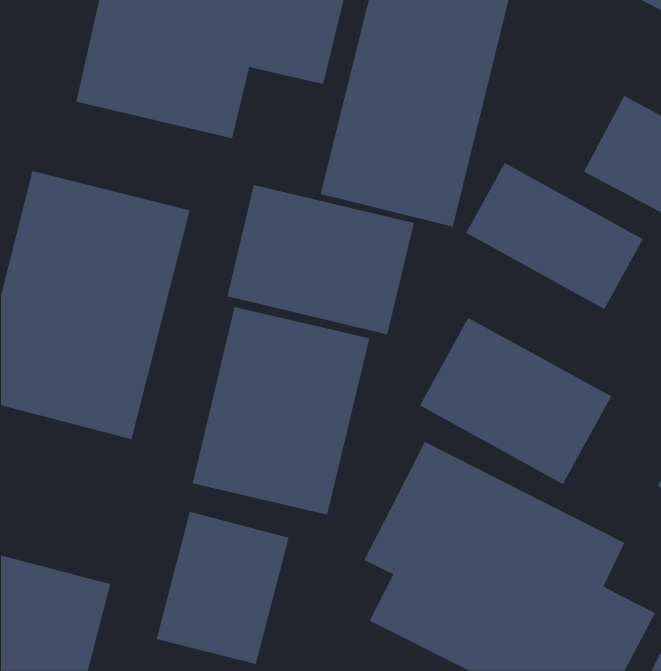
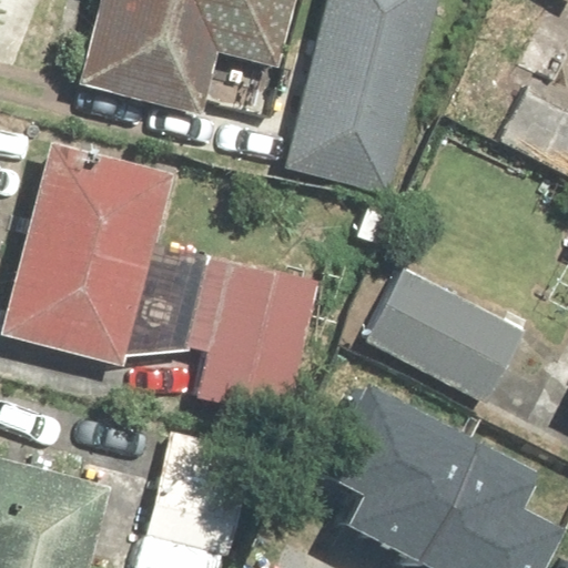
building: [465,162,644,310] -> none
building: [227,184,414,335] -> none

